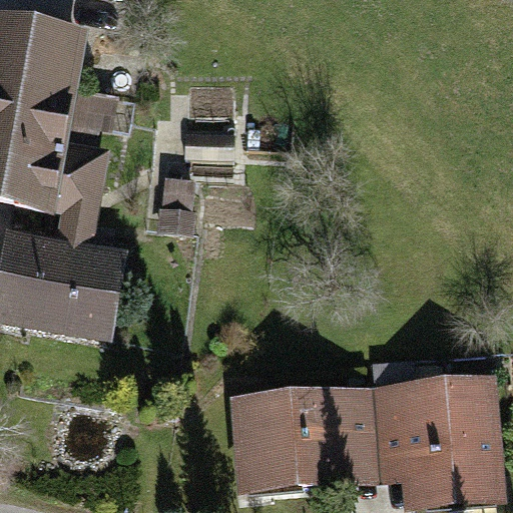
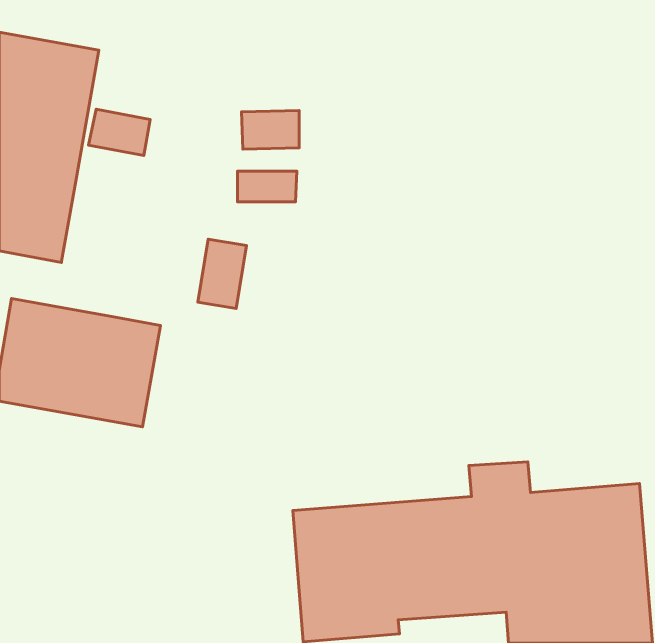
building: [48,141,104,246] -> none

